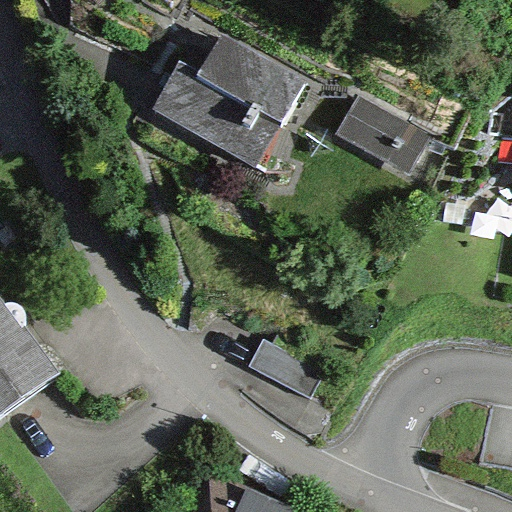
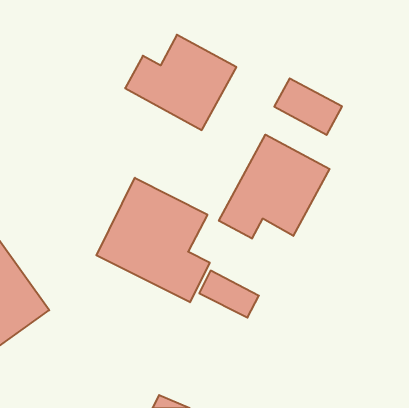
building: none -> [219,135,330,239]
building: none -> [96,178,210,302]

